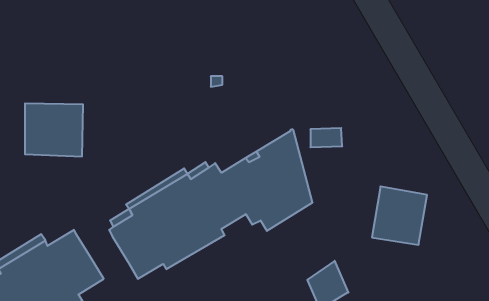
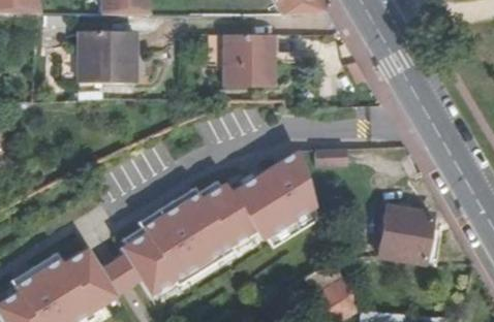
building: none -> [223,33,276,86]
building: [25,103,83,156] -> [80,30,136,82]
building: none -> [100,254,142,295]

